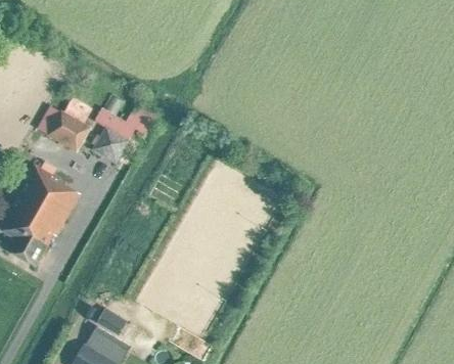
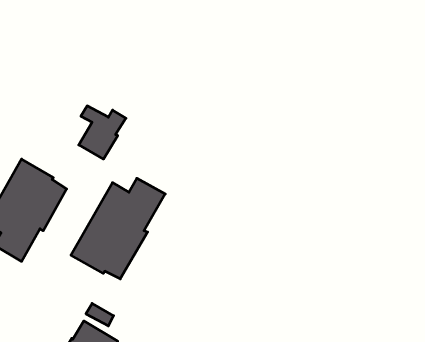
building: [48,109,90,149] -> none
building: none -> [71,178,165,279]

